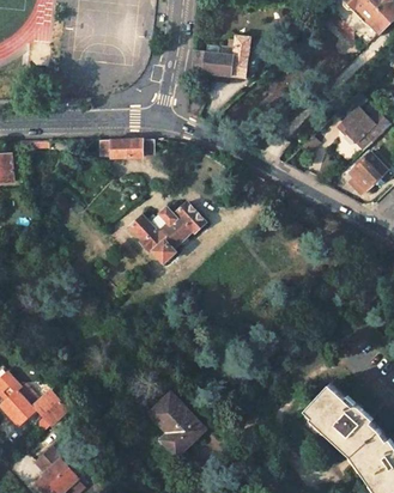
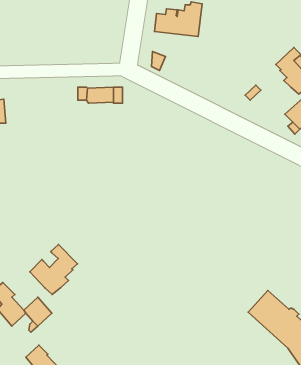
building: [131,203,205,263] -> none
building: none -> [30,244,77,295]
building: [148,394,205,455] -> none

